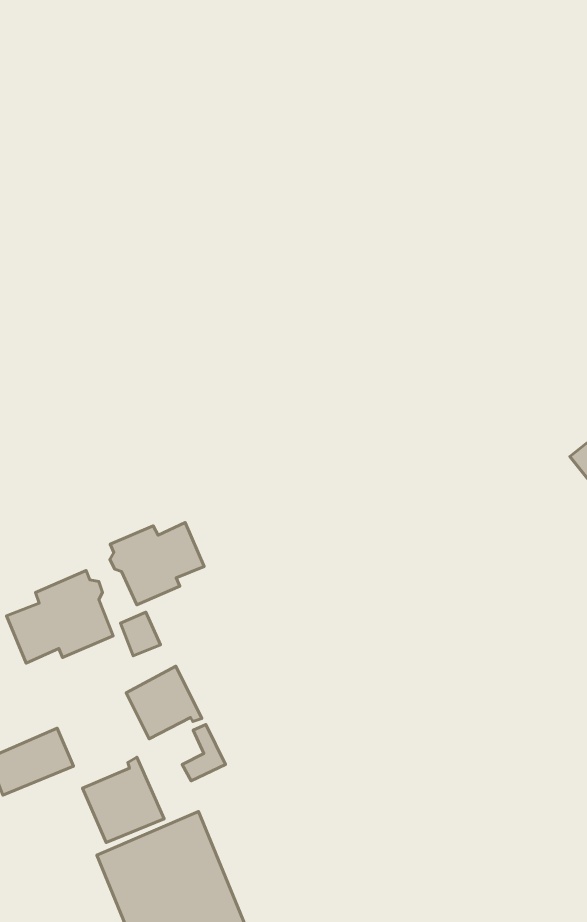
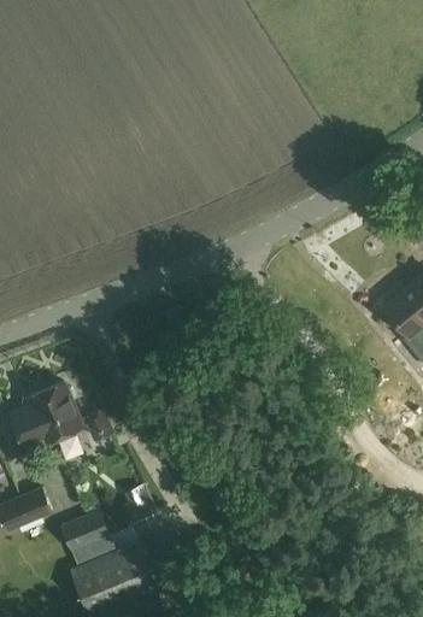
building: [110,523,204,605] -> none
building: [126,666,202,739] -> none

